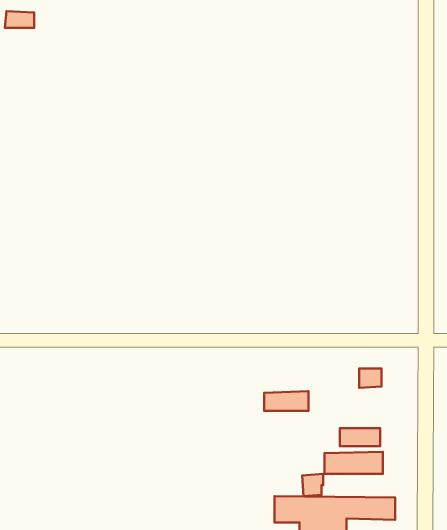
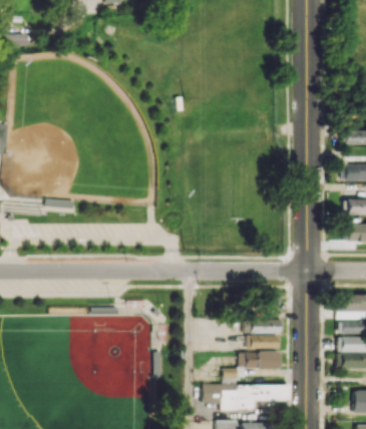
building: [264,391,309,411] -> [251,319,283,333]

